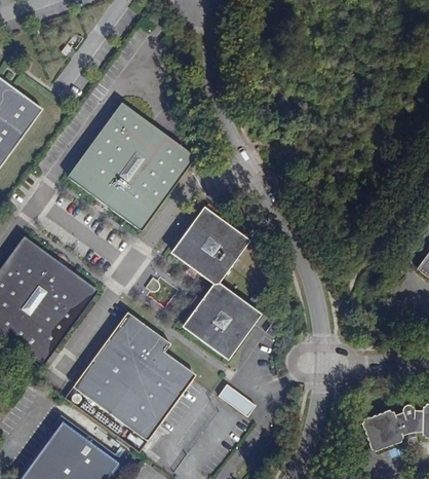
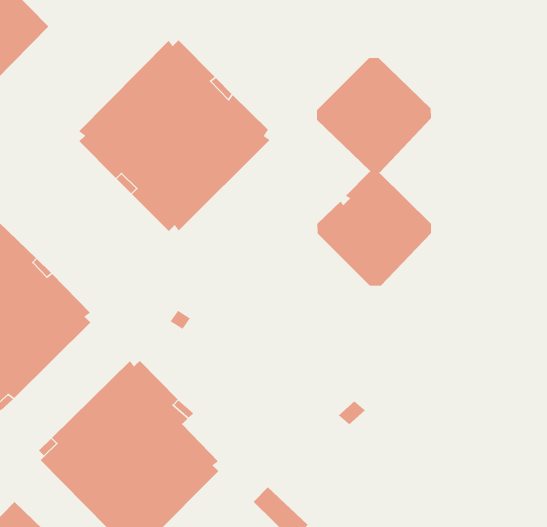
building: [171,209,258,357] -> [316,57,432,286]

